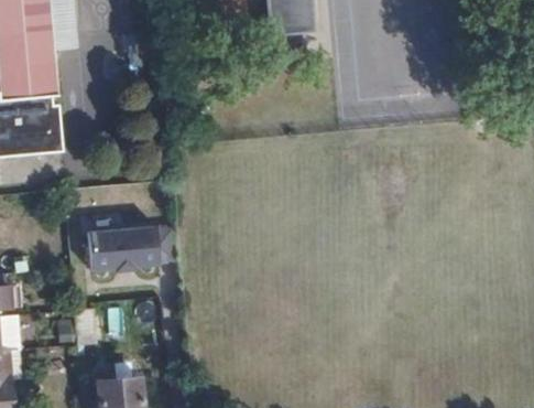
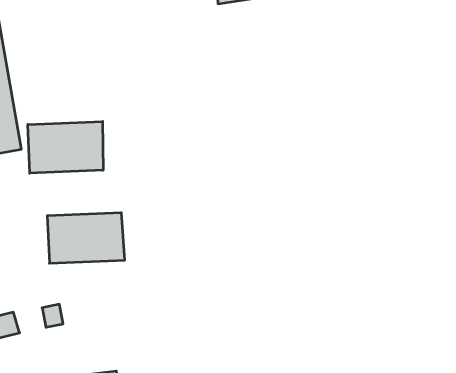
building: none -> [28,121,103,173]

